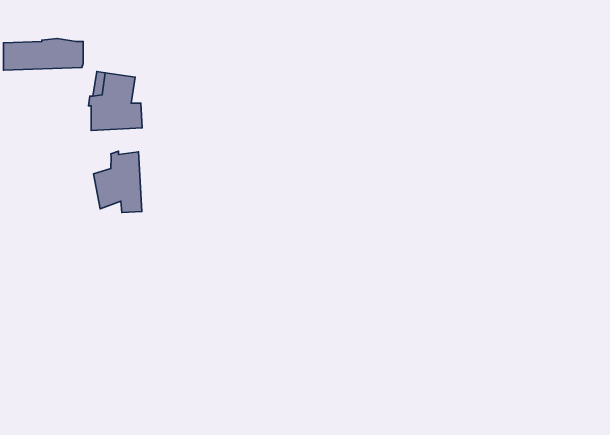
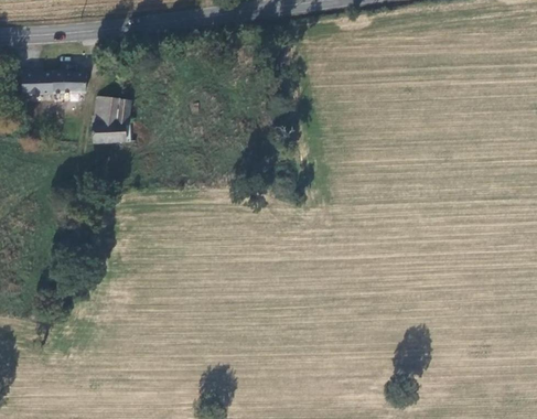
building: [94,151,142,212] -> none

